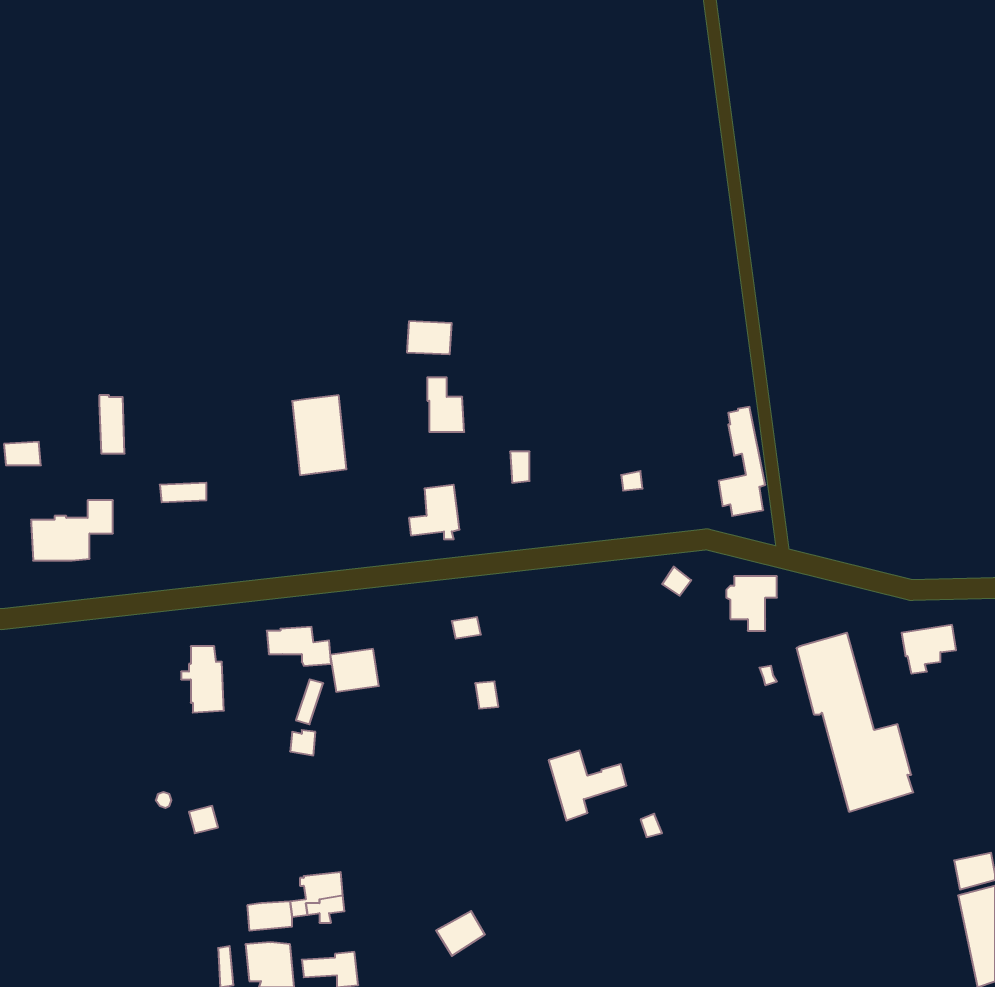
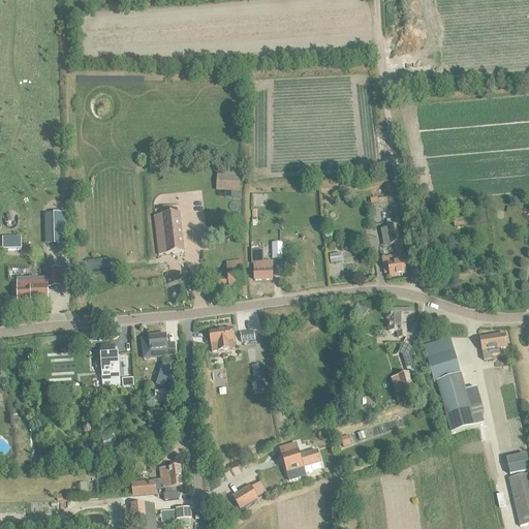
building: [427,377,464,432] -> [252,248,272,277]
building: [330,649,379,692] -> [208,325,234,348]
building: [549,750,627,821] -> [278,441,319,478]

